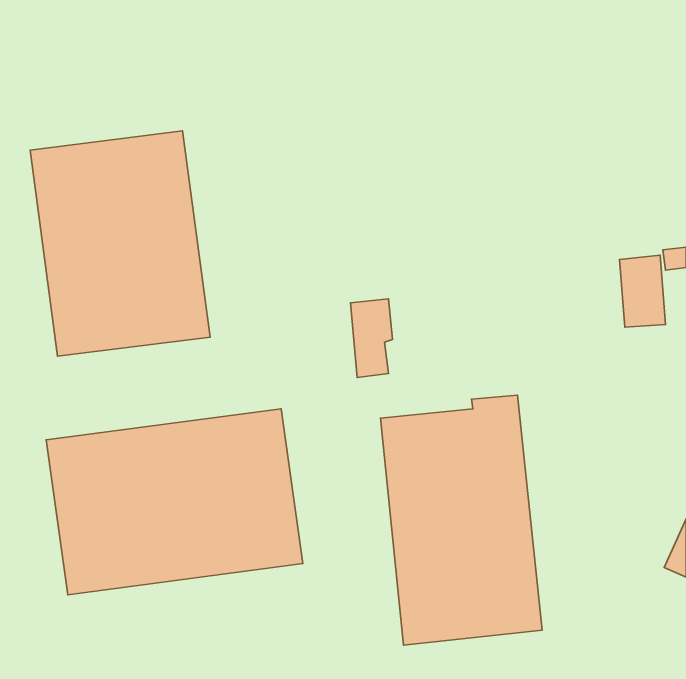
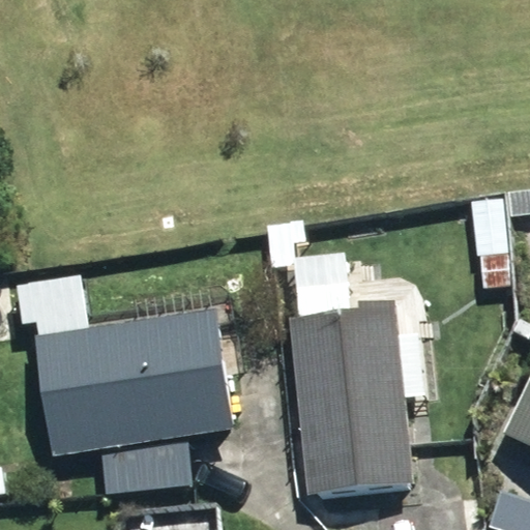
building: [30,131,210,356] -> none

